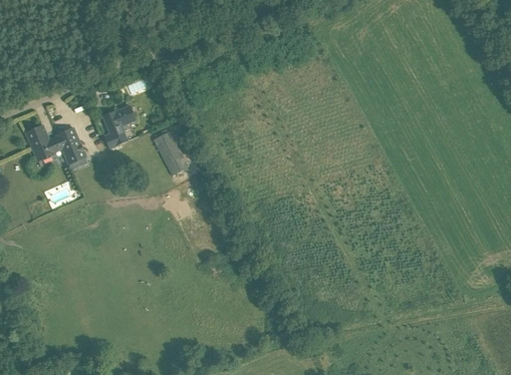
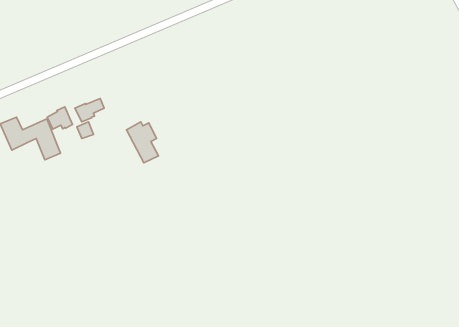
building: none -> [47,107,72,129]

